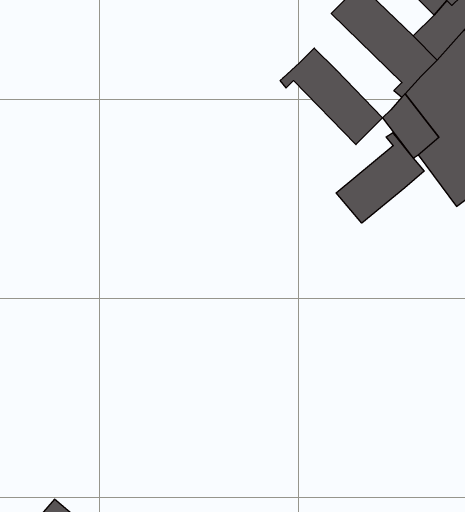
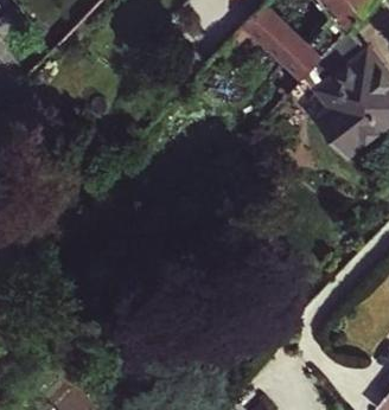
building: [280,48,383,145] -> none
building: [336,133,424,223] -> none

